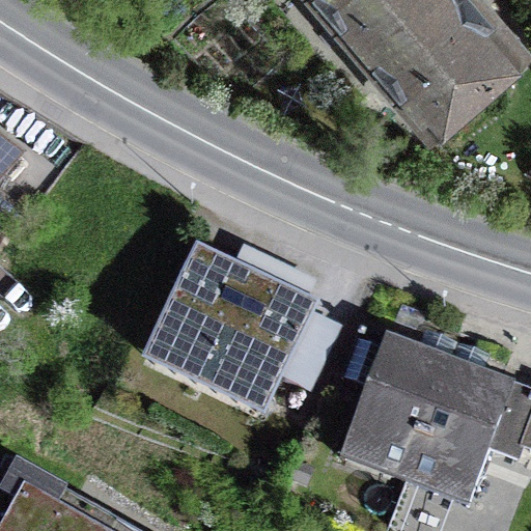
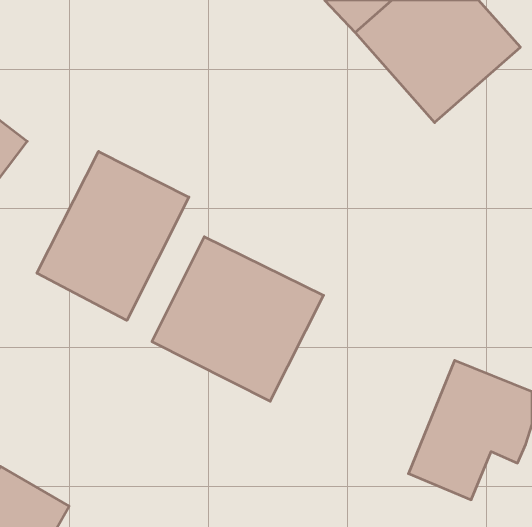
building: none -> [37,151,189,320]
building: [337,338,450,477] -> none

